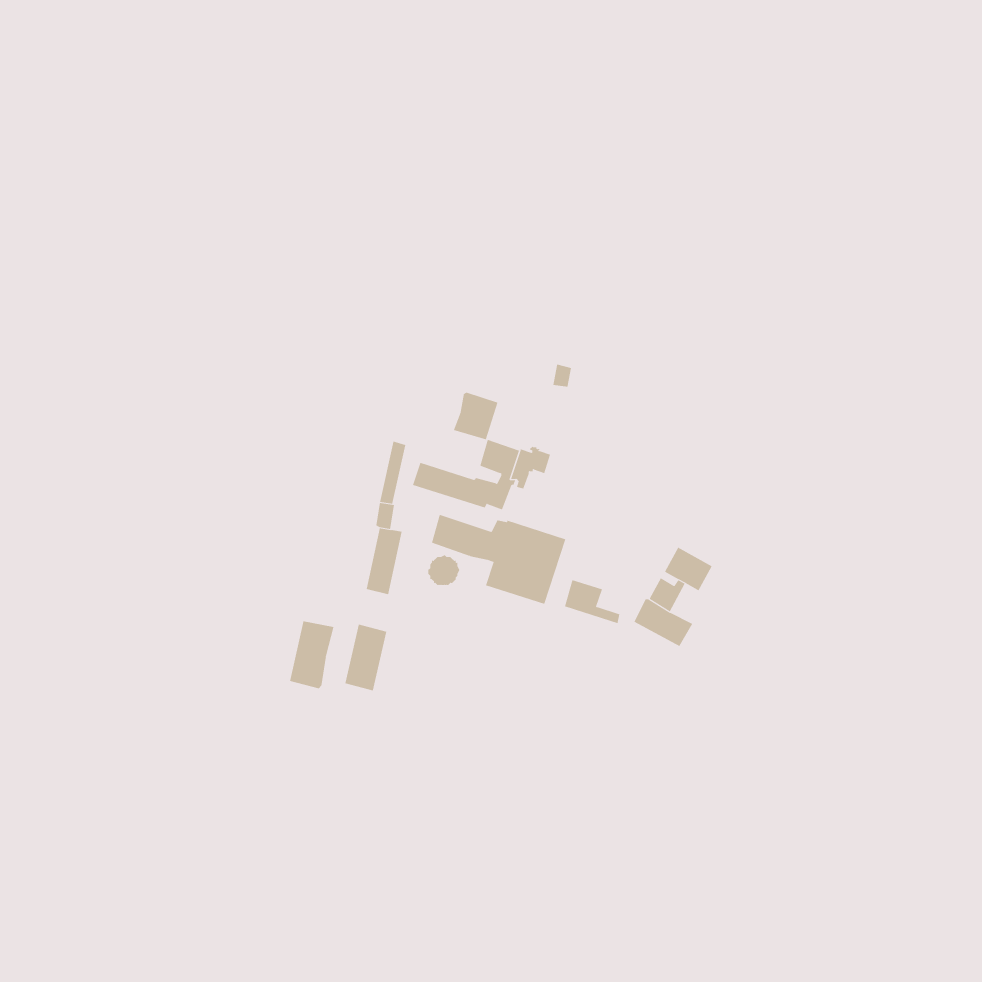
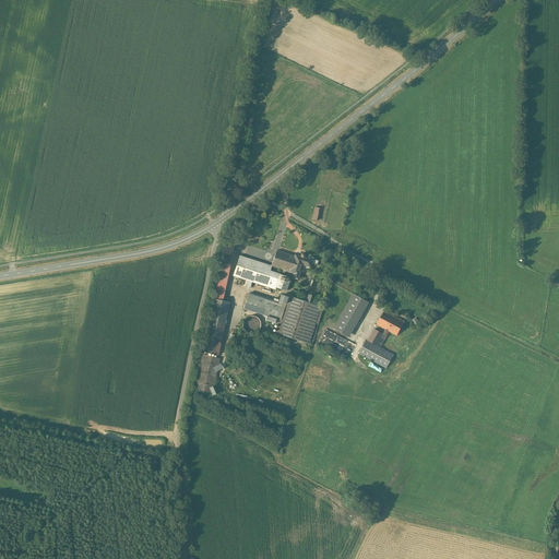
building: [453,392,498,440] -> none
building: none -> [335,294,370,336]
building: [289,621,334,689] -> none

